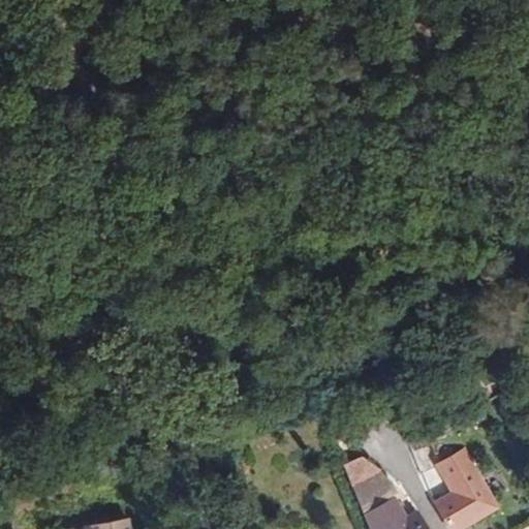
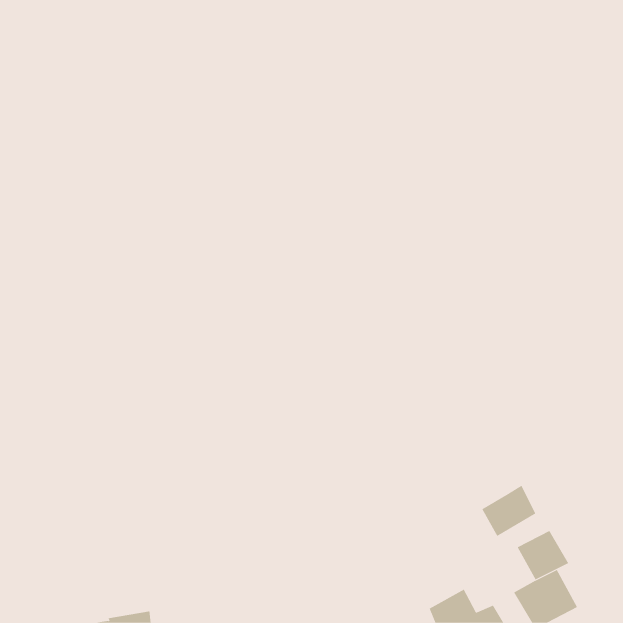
building: none -> [482,485,536,537]
building: [351,470,396,511] -> none

